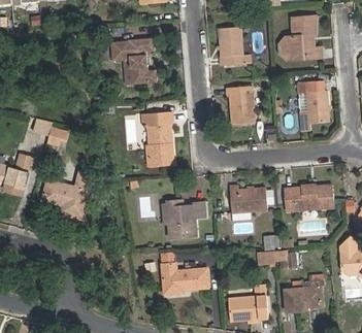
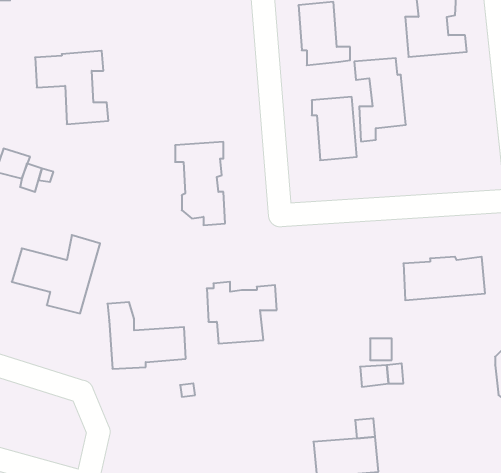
building: [111,38,157,84] -> [35,51,108,124]
building: [297,80,329,132] -> [354,58,406,141]
building: [229,187,267,212] -> none
building: [160,253,208,294] -> [107,302,186,369]
building: [285,275,322,311] -> none

